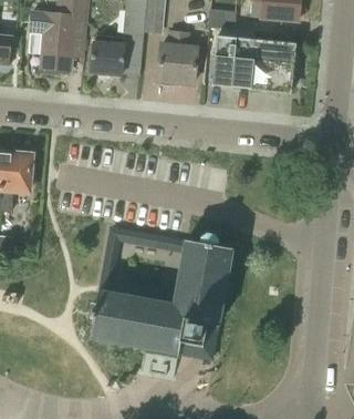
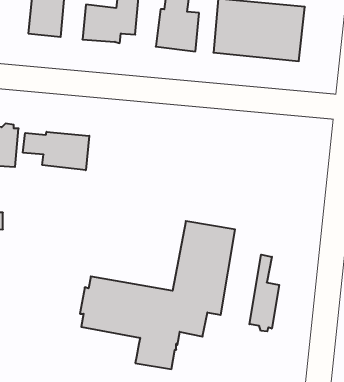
building: none -> [23,132,89,170]
building: none -> [249,255,279,331]

